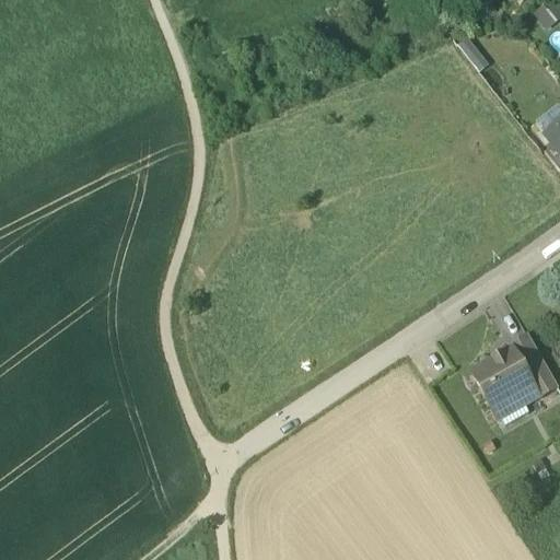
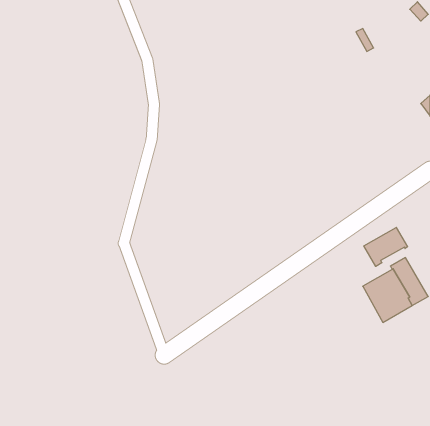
building: none -> [364,227,408,266]

